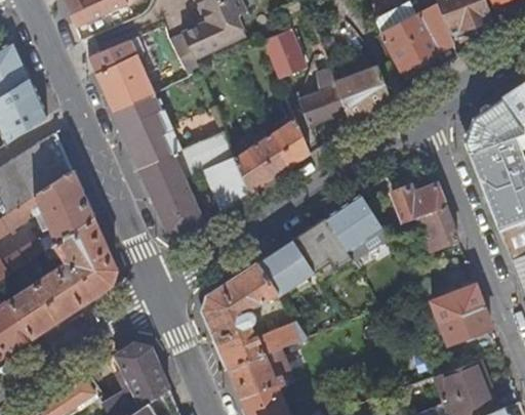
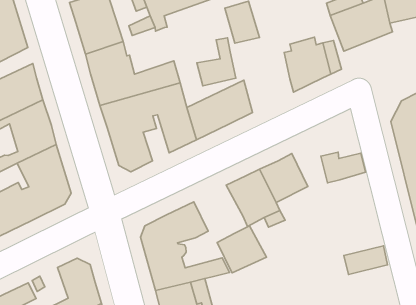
building: [299,68,346,125] -> [197,38,236,86]
building: [416,205,457,250] -> none
building: [256,240,314,295] -> [217,226,266,273]
building: [440,305,491,343] -> none

